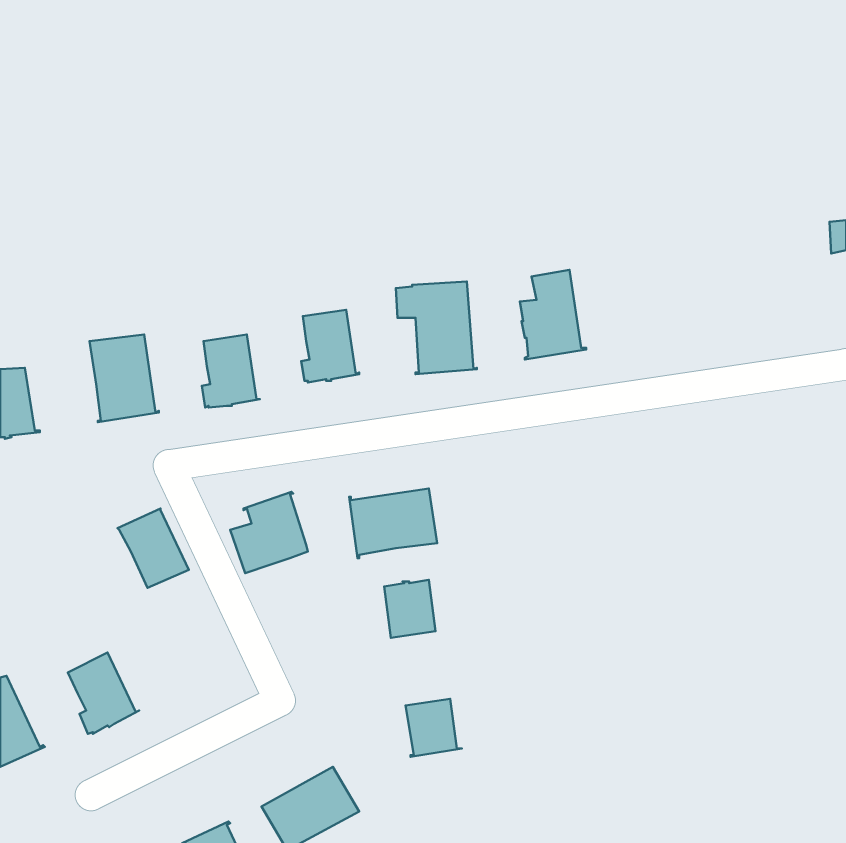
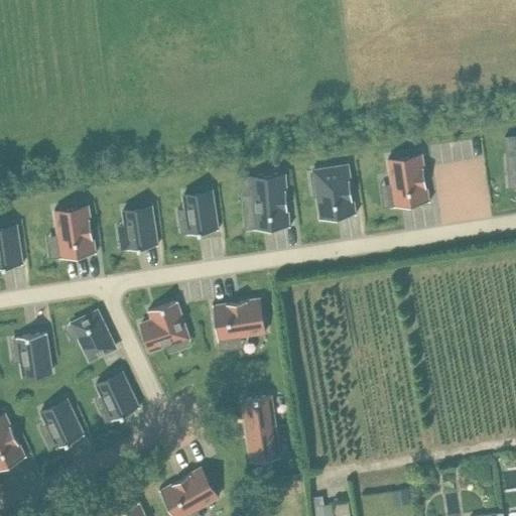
building: none -> [388,154,430,208]
building: none -> [14,333,50,377]
building: [384,580,436,638] -> [243,396,274,431]
building: none -> [97,372,140,421]

